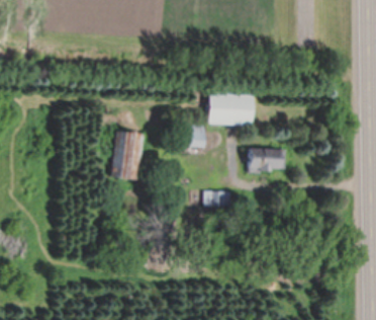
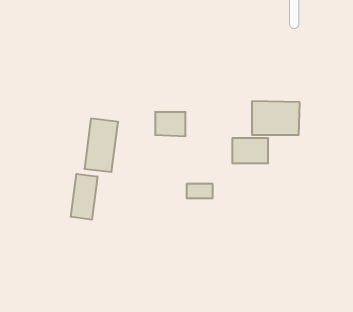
building: [209,93,254,125] -> [252,101,300,135]
building: none -> [71,174,97,220]

